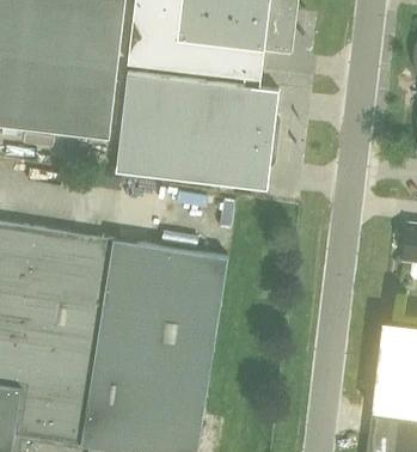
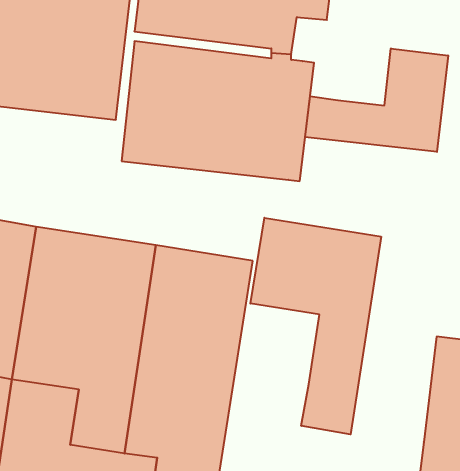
building: none -> [305,48,448,152]
building: none -> [250,218,381,434]

